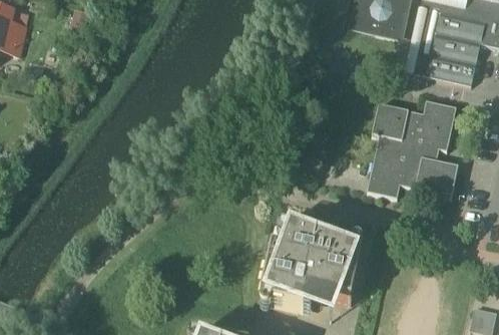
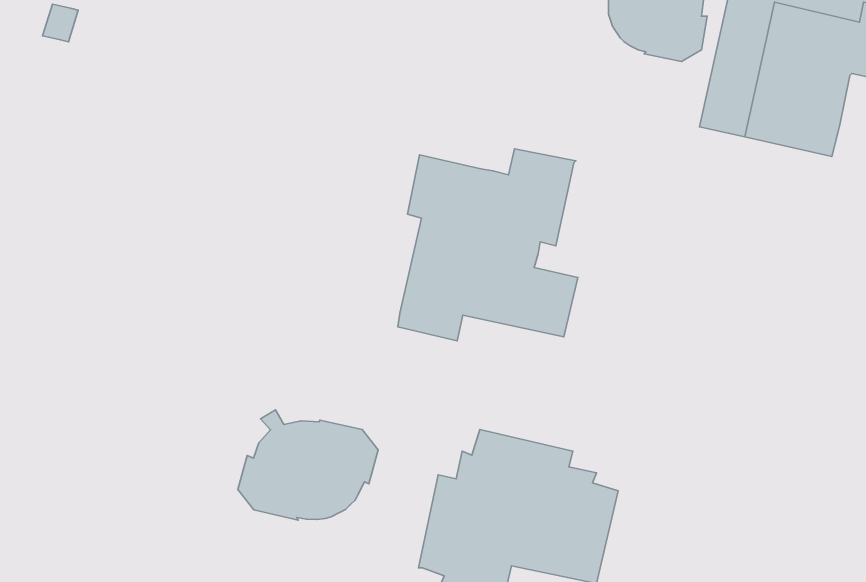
building: [367,99,458,197] -> [398,149,578,341]
building: none -> [238,410,378,520]

